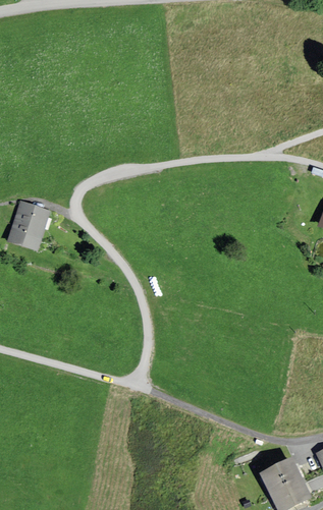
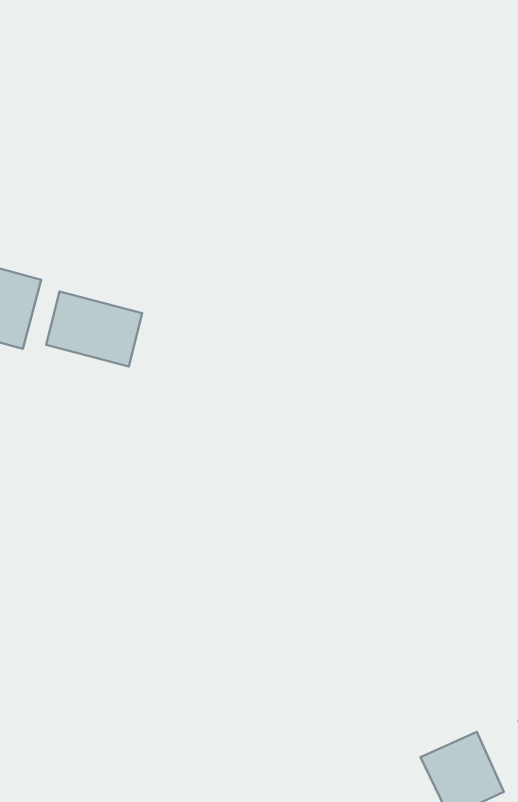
building: none -> [46,291,142,367]

